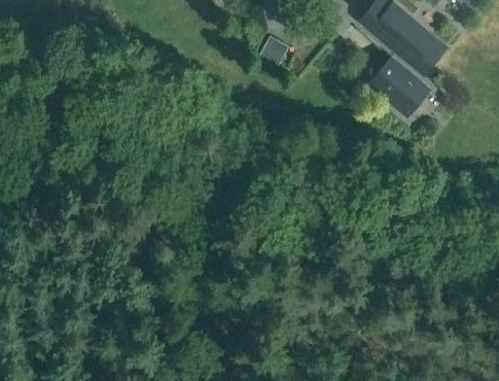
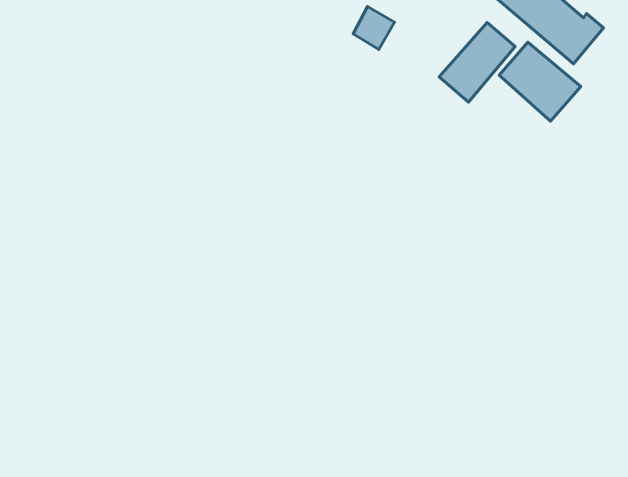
building: none -> [439,23,515,102]

